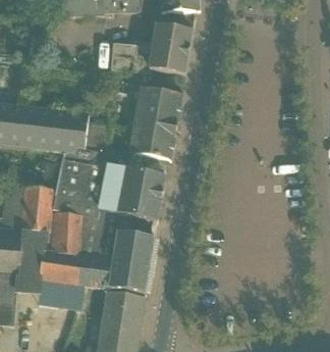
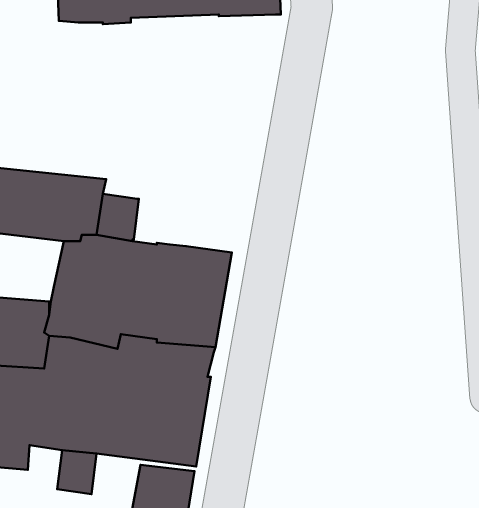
building: [110,26,193,81] -> none
building: [129,88,182,161] -> none

